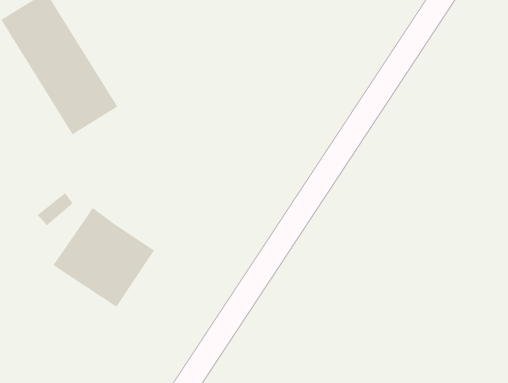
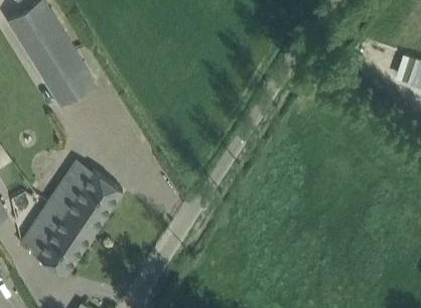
building: none -> [31,202,95,276]

